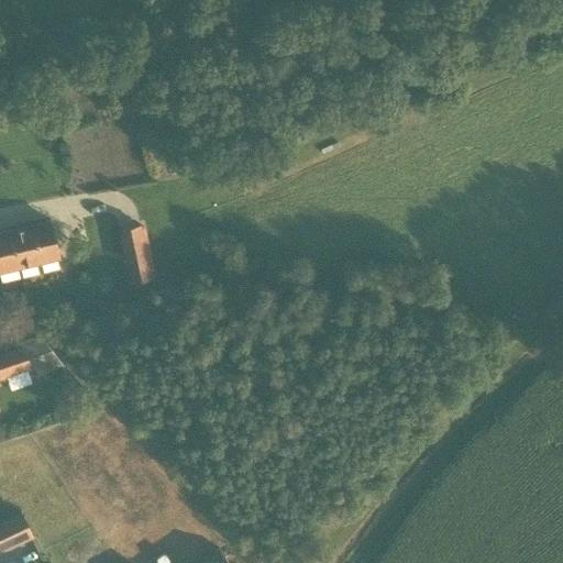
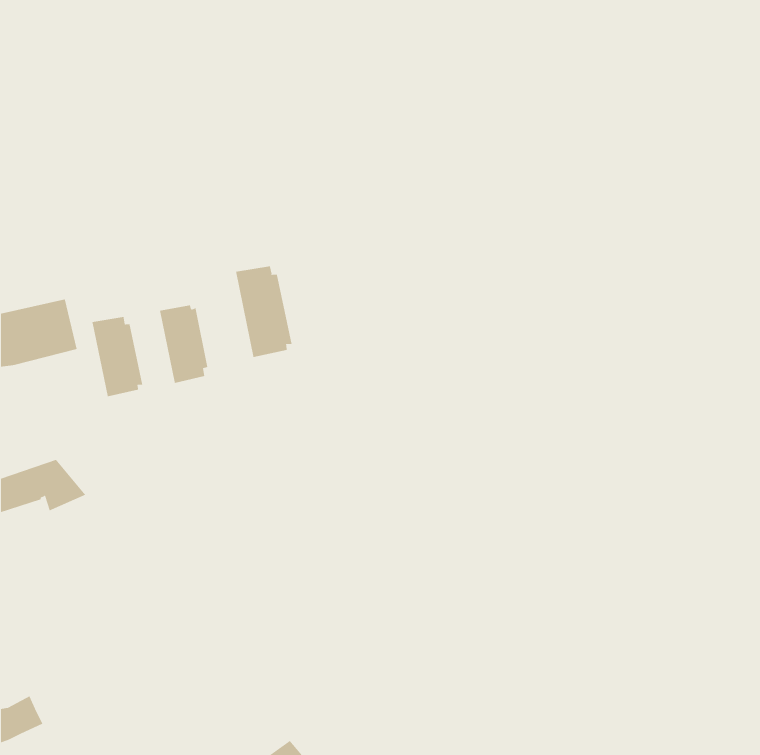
building: none -> [235,265,292,358]
building: none -> [92,316,143,397]

